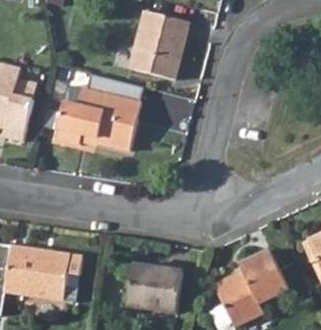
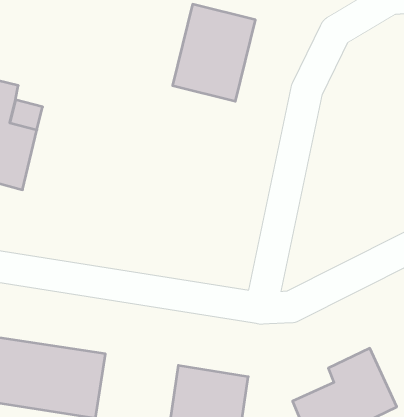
building: [55,88,141,151] -> none

